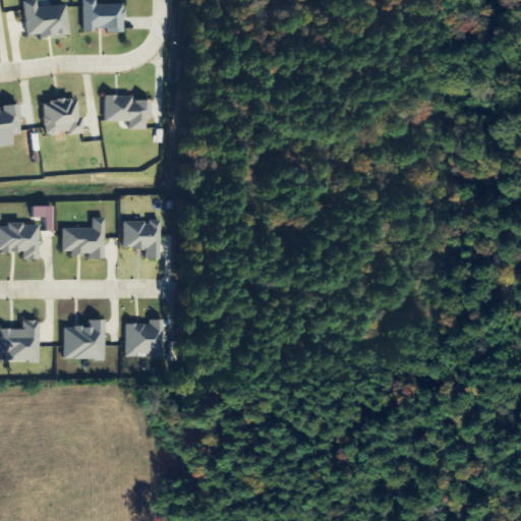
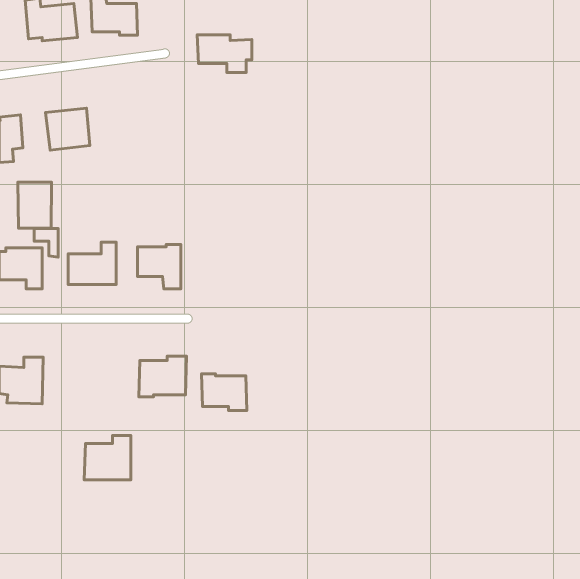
building: [103,95,152,128] -> [197,35,252,72]
building: none -> [18,182,51,228]
building: [62,319,104,358] -> [84,435,131,480]
building: none -> [201,374,247,411]

